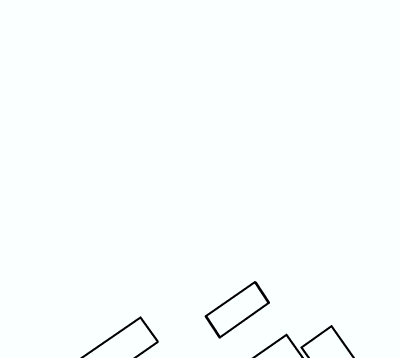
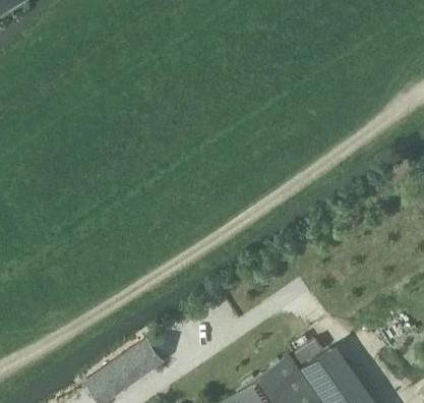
building: [206,282,269,338] -> none

